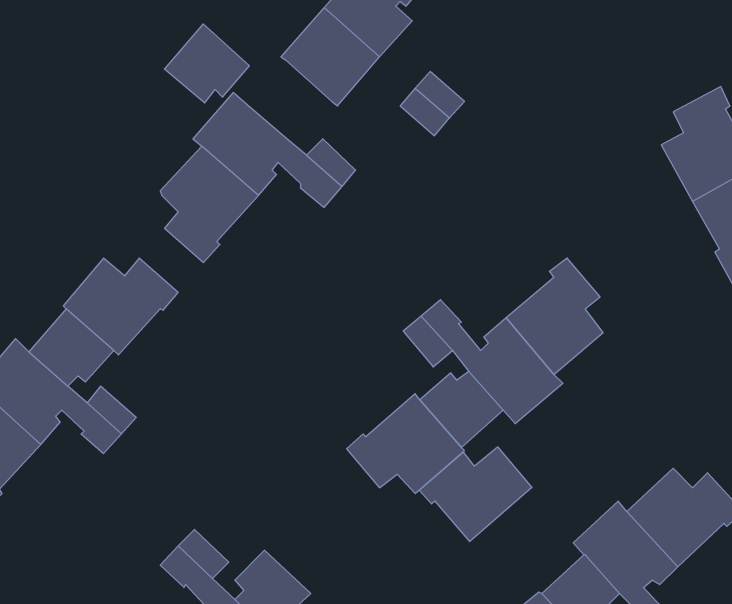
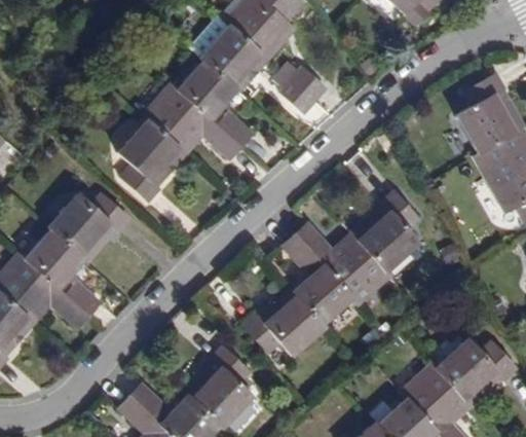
building: [164,24,249,103] -> [176,57,234,111]
building: [419,447,532,542] -> none
building: none -> [183,347,253,427]

